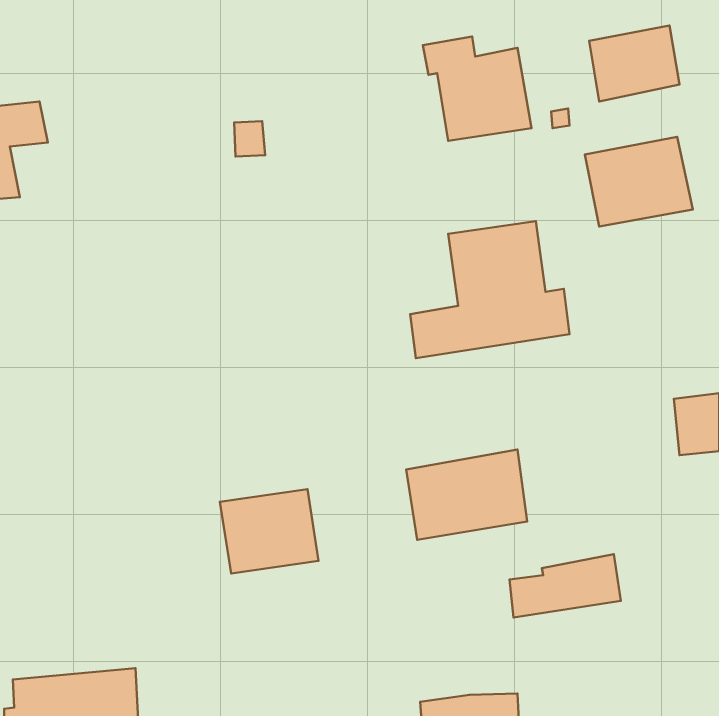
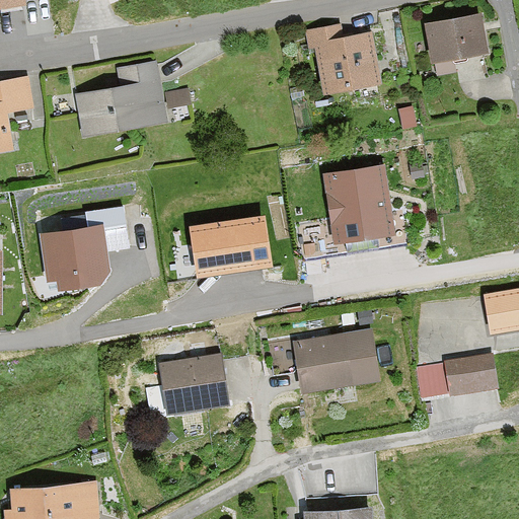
building: none -> [74,61,167,137]
building: [585,137,693,227] -> none
building: none -> [39,209,127,287]
building: none -> [188,212,272,275]
building: [509,554,621,618] -> [419,353,499,398]

